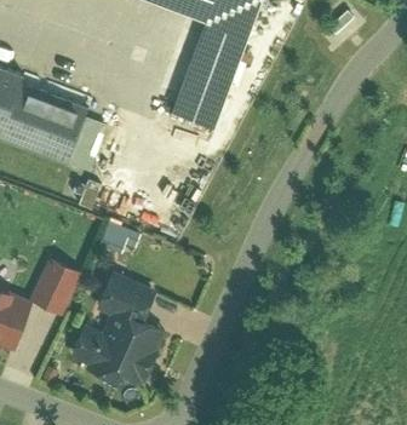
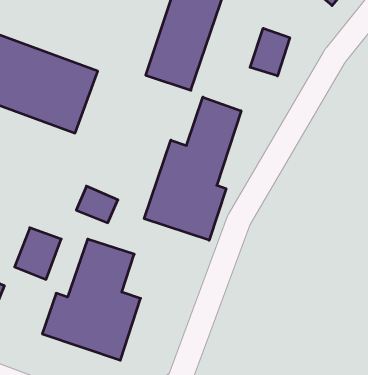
building: none -> [250,28,290,76]
building: none -> [144,97,241,240]

